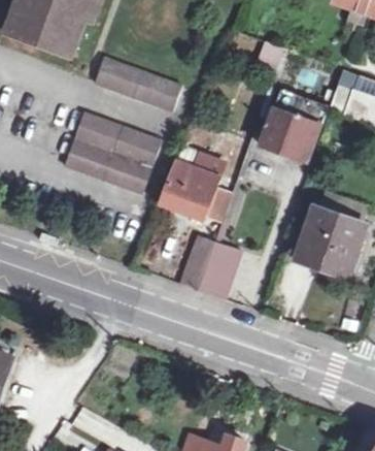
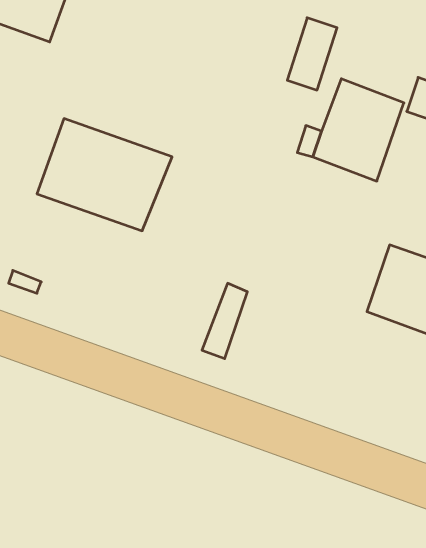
building: [94,58,180,111] -> none
building: [155,146,233,221] -> none
building: [199,239,241,296] -> none

